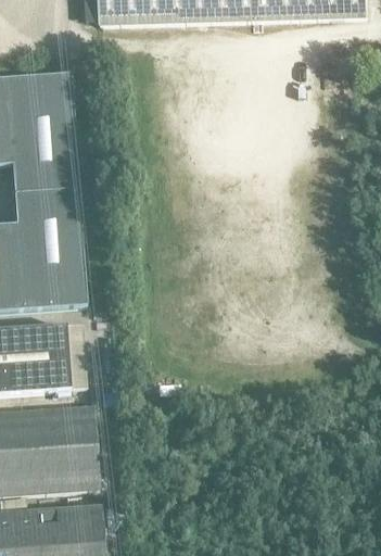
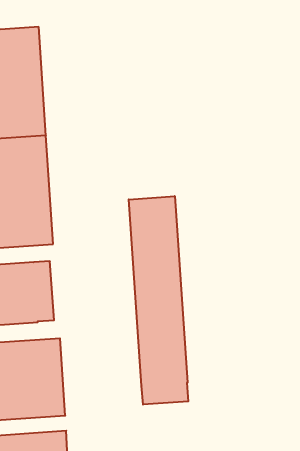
building: none -> [129,196,188,405]

